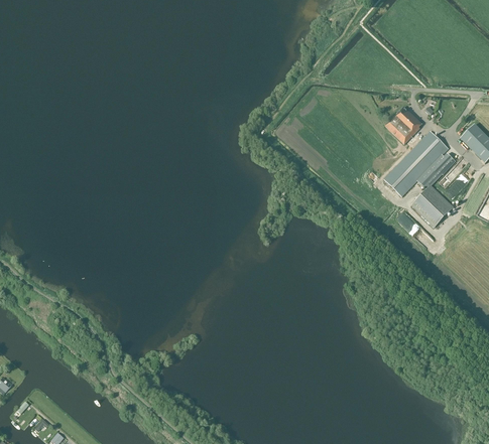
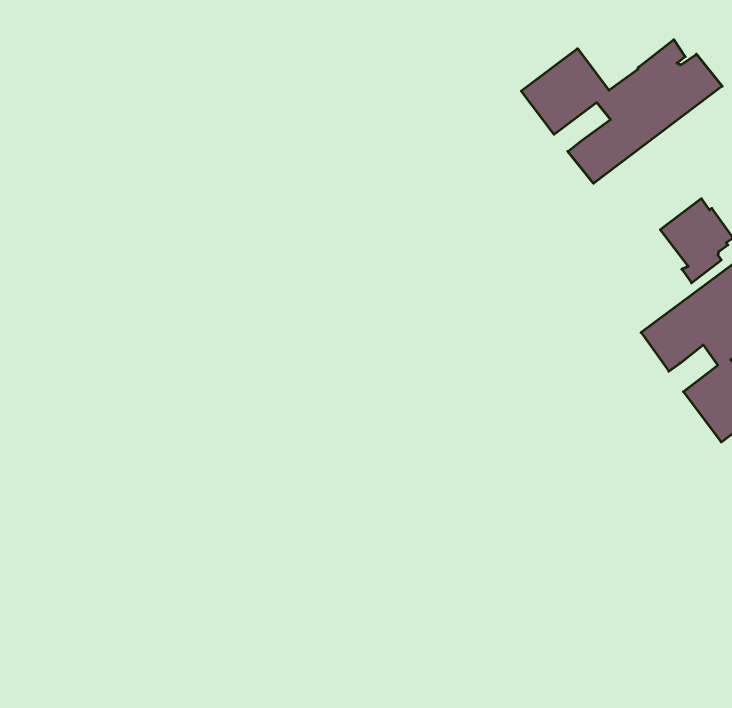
building: none -> [521,40,722,183]

